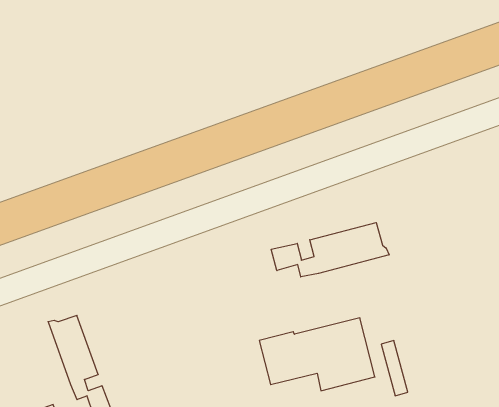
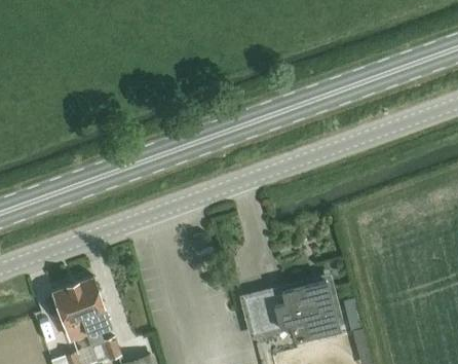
building: [271,223,389,277] -> none
building: none -> [53,285,96,350]

